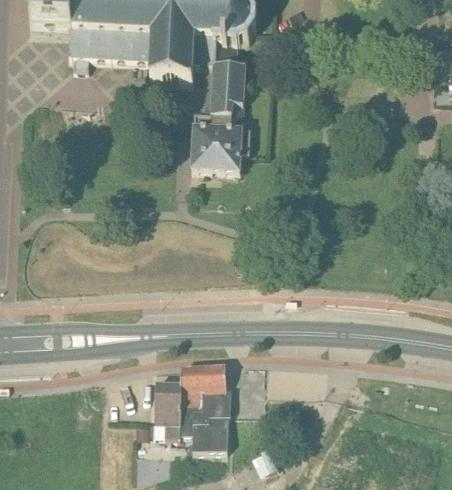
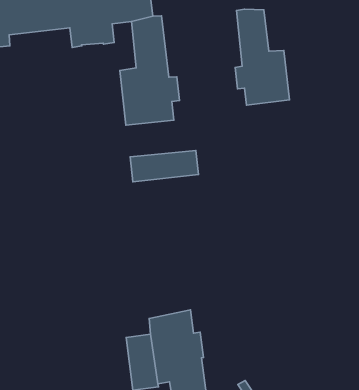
building: none -> [235,9,290,105]
building: none -> [130,151,199,182]

